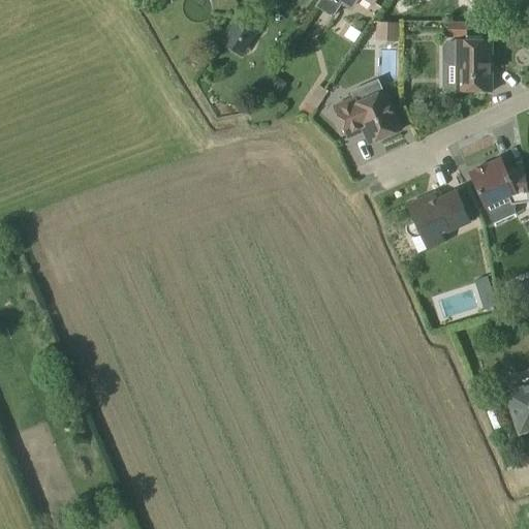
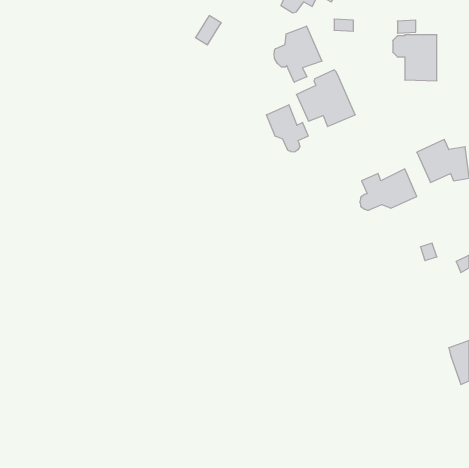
building: none -> [274,26,322,82]
building: none -> [266,105,308,152]

